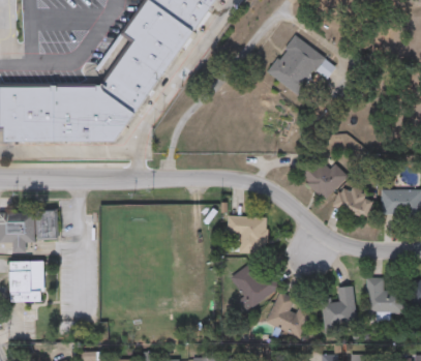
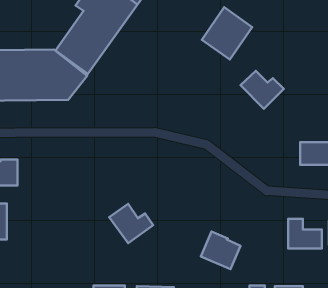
building: [298,156,348,200] -> [240,71,284,109]
building: [339,190,372,214] -> none
building: [229,216,267,253] -> none
building: [230,263,280,308] -> [109,204,153,243]
building: [323,287,357,331] -> none

